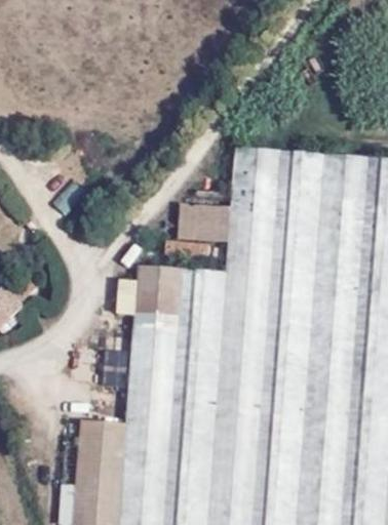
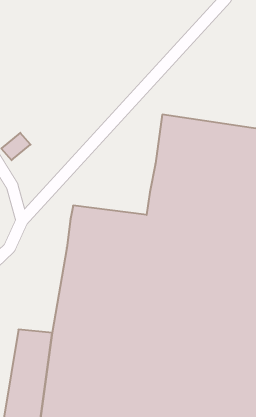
building: [178,202,236,241] -> none

